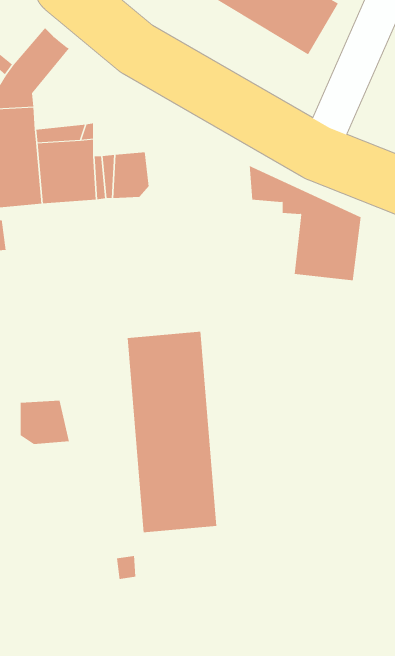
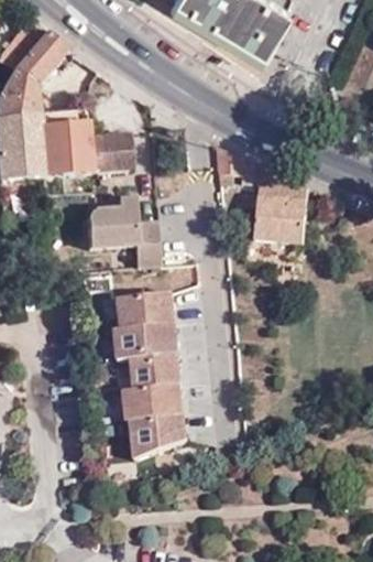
building: none -> [85,199,161,268]
building: [20,400,69,445] -> none

